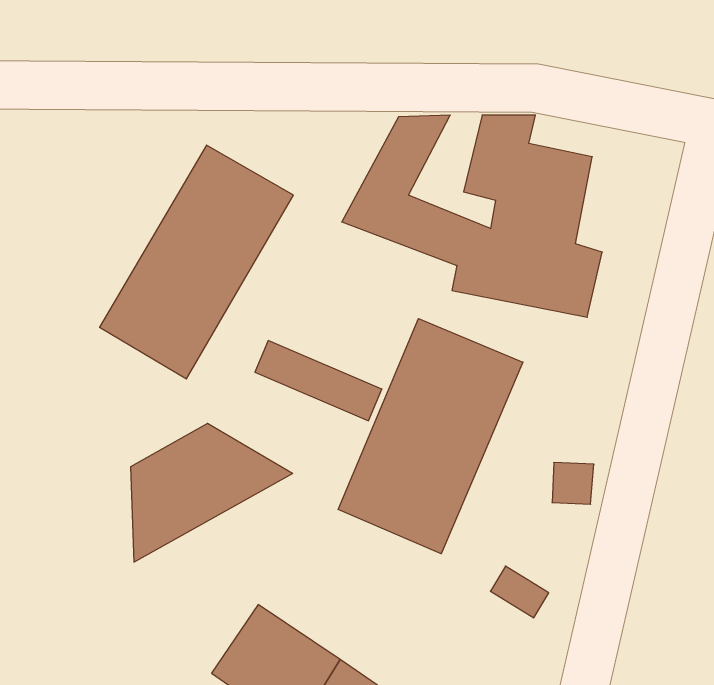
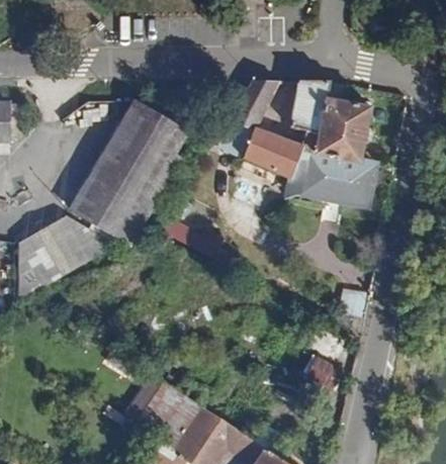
building: [338,319,523,554] -> none
building: [131,423,293,562] -> [19,216,117,300]

